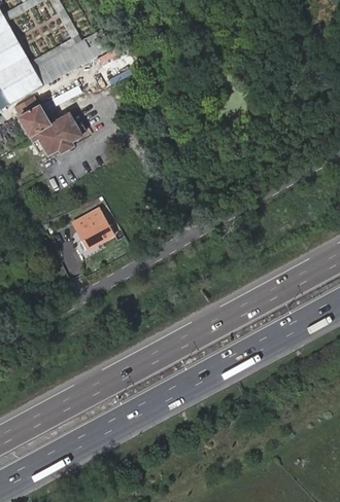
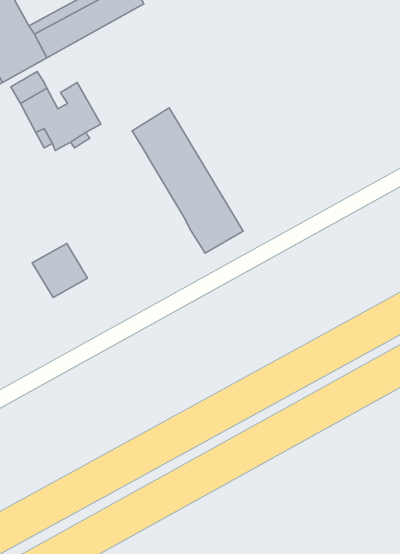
building: none -> [132,108,243,253]
building: [72,211,113,251] -> [32,243,88,297]

